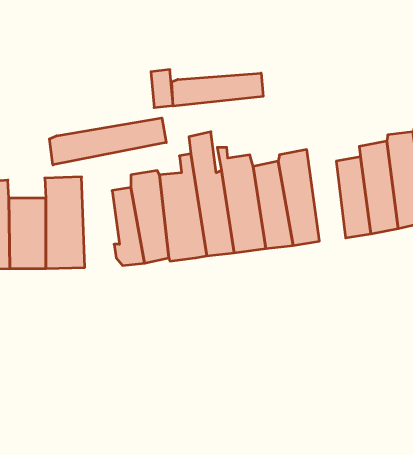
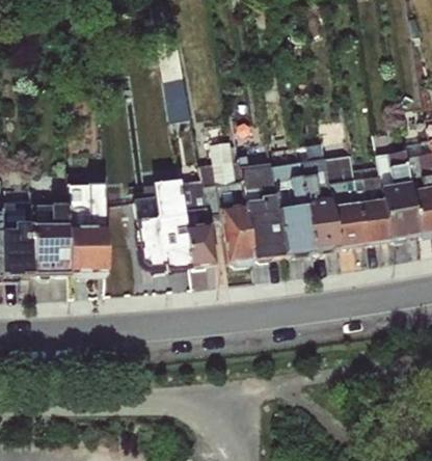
building: [172,73,263,106] -> none
building: [49,118,166,165] -> none
building: none -> [326,153,364,247]

